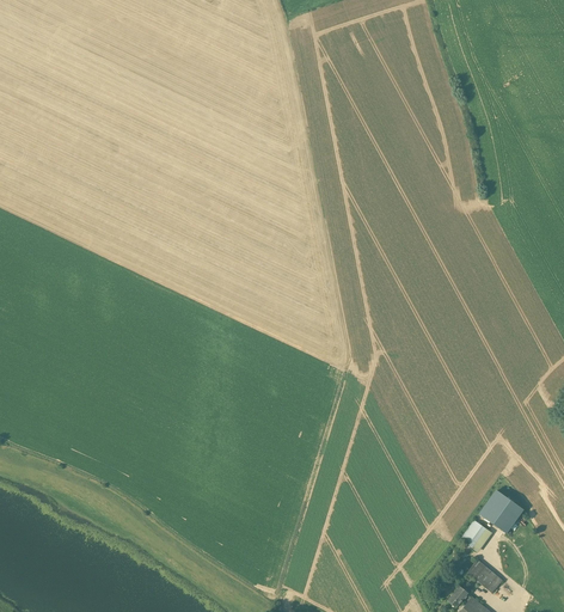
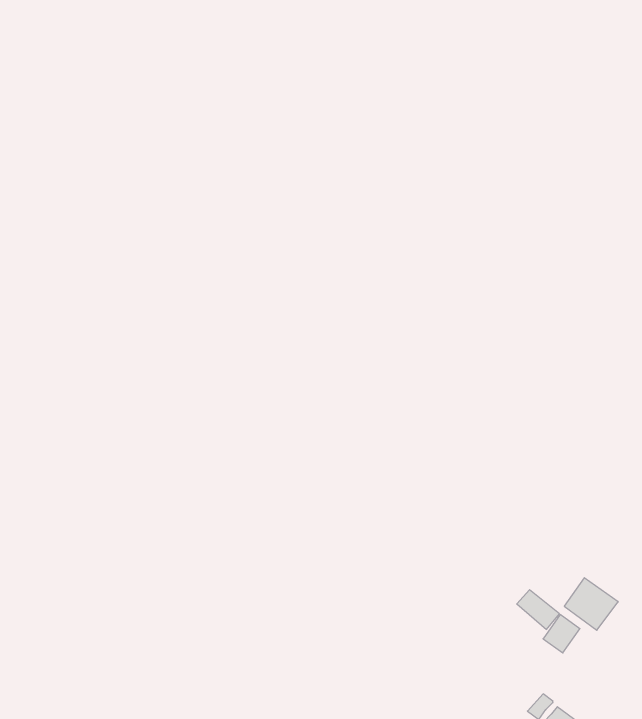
building: [467,559,503,593] -> [517,590,559,629]

